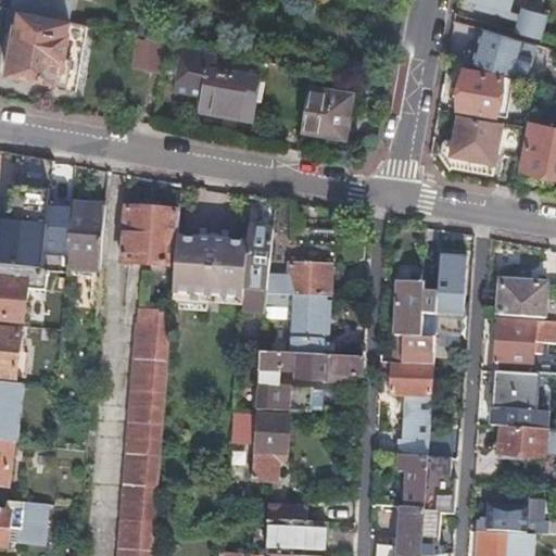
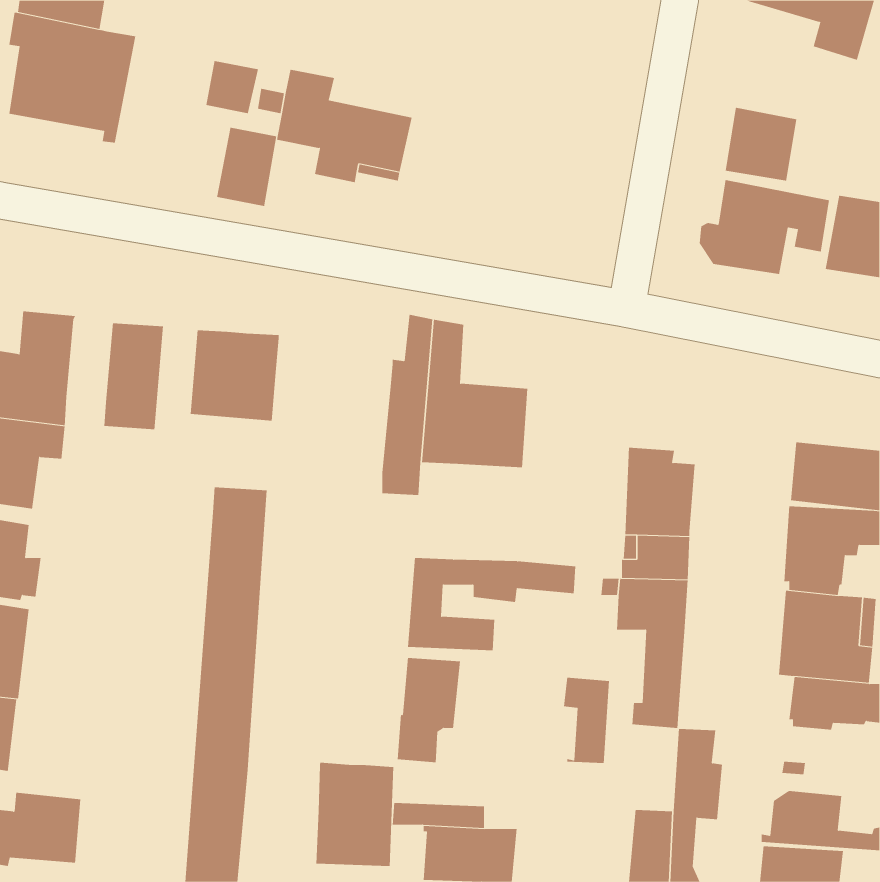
building: [464,27,535,78] -> none
building: none -> [217,127,277,207]
building: [301,86,357,138] -> none
building: [42,201,71,253] -> none
building: [169,237,245,298] -> none
building: [434,255,467,337] -> none
building: [264,291,333,353] -> none
building: [397,456,427,510] -> [563,677,610,764]
building: none -> [316,762,394,867]

